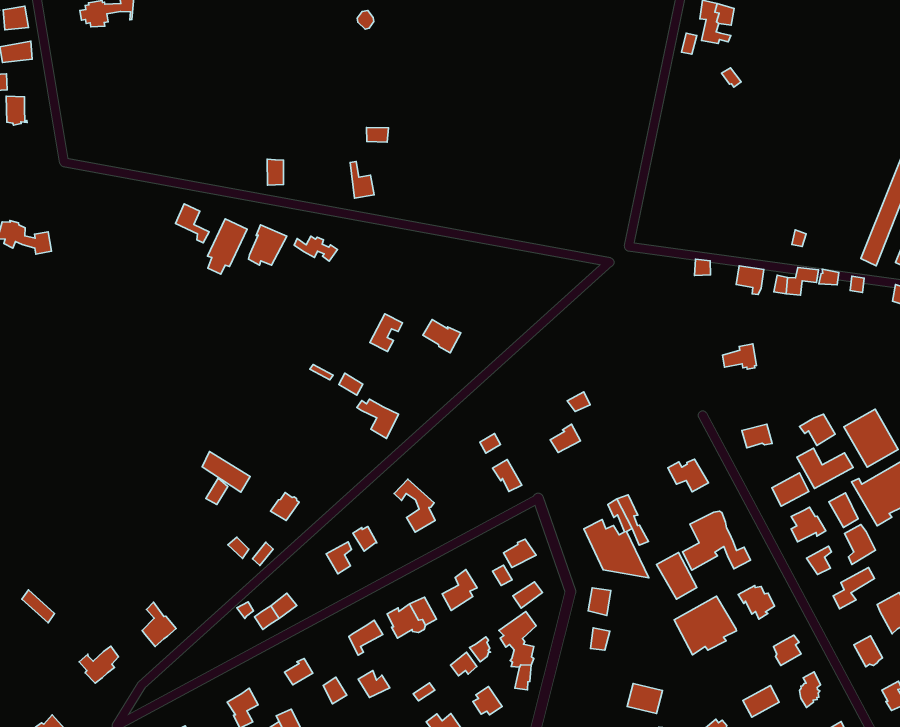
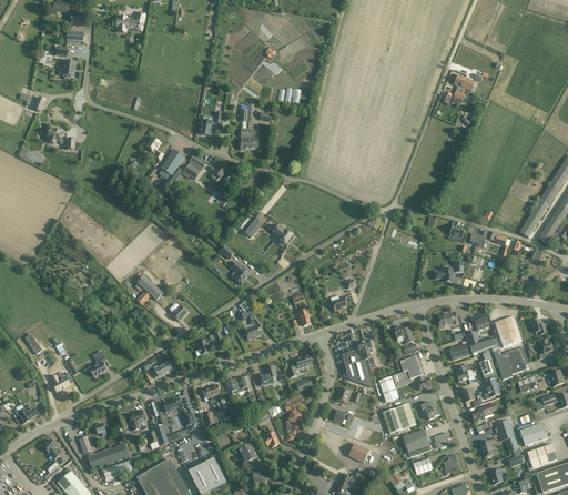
building: none -> [402,428,430,457]

